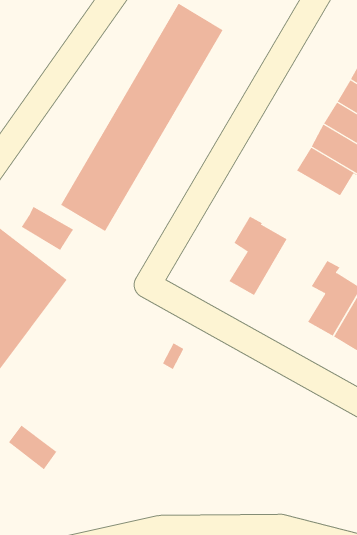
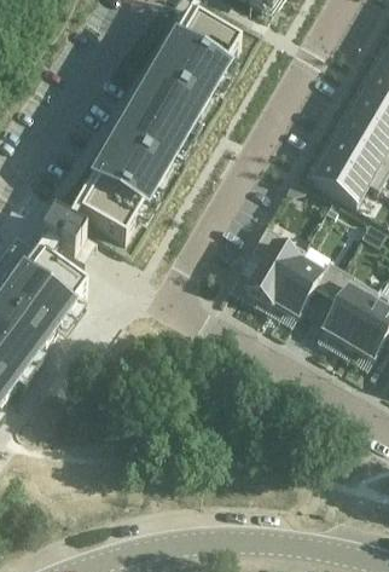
building: none -> [268,247,339,314]
building: [8,418,57,470] -> none

